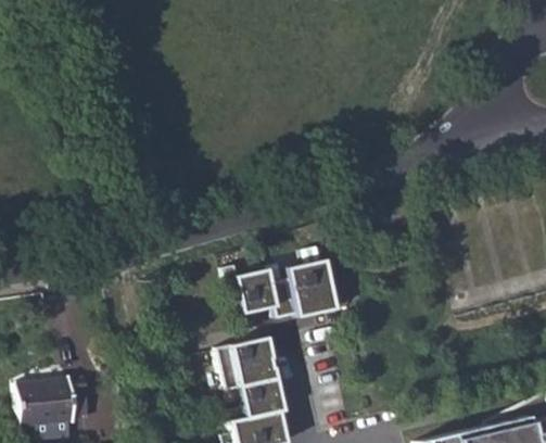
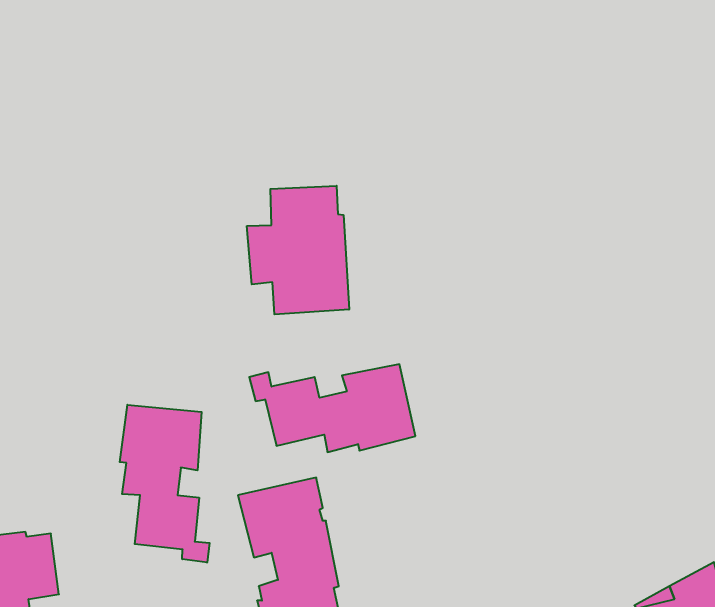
building: none -> [247,186,349,314]
building: none -> [120,405,210,563]

